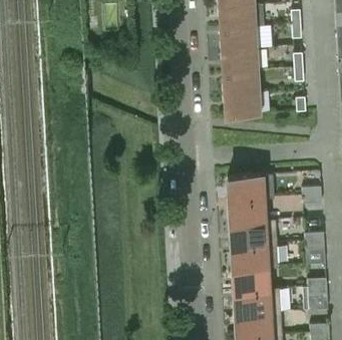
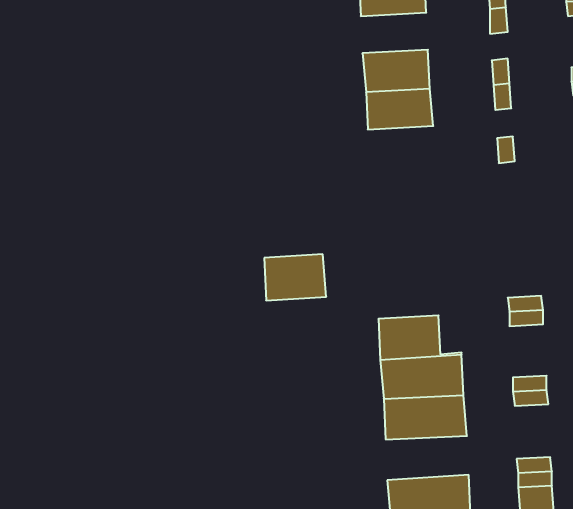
building: [219,27,257,50] -> none
building: [223,91,261,116] -> none
building: [228,175,263,201] -> [264,254,326,300]
building: [233,267,280,292] -> none

